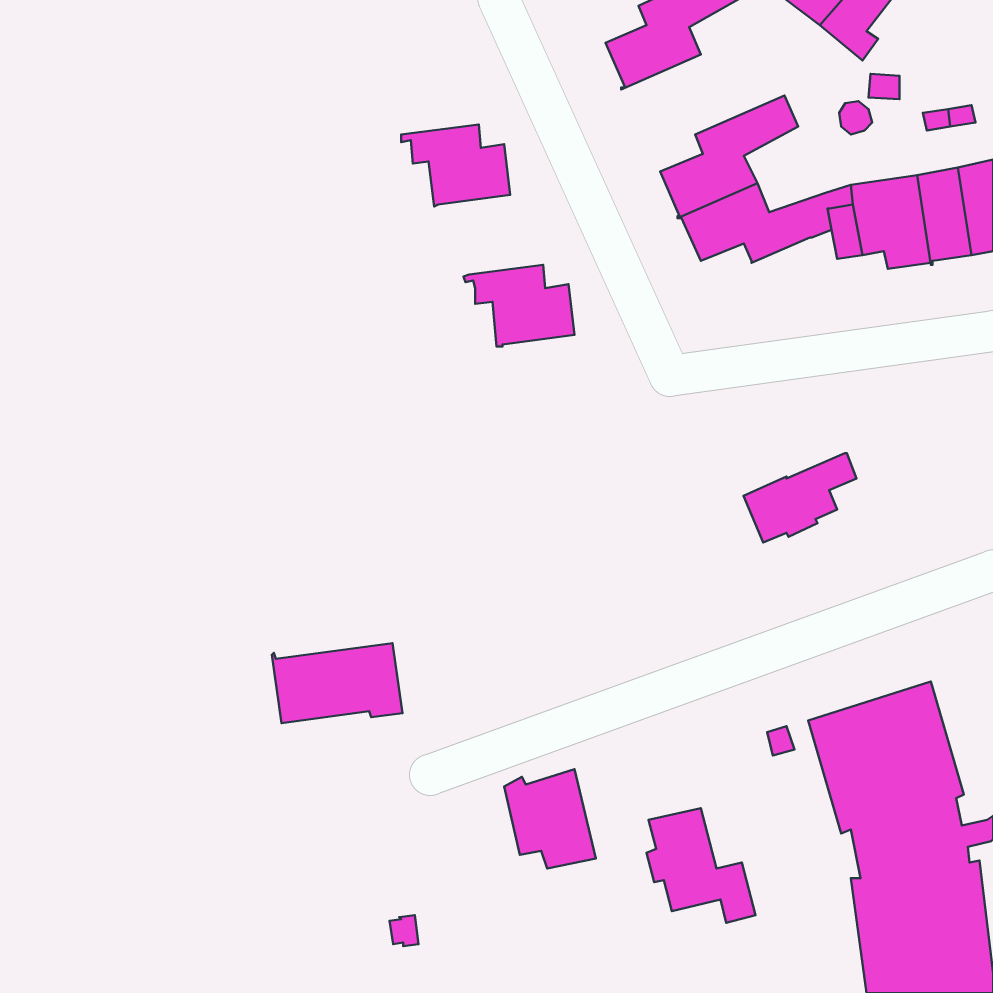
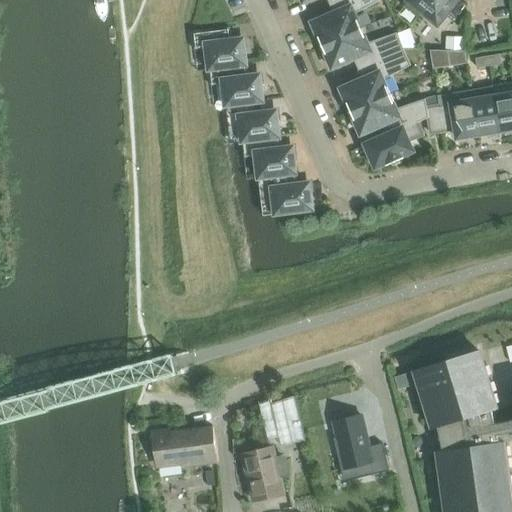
building: none -> [191,27,246,69]
building: none -> [319,28,403,69]
building: none -> [225,100,279,143]
building: none -> [258,172,312,215]
building: [744,453,857,543] -> [364,122,422,168]
building: [272,643,402,723] -> [151,426,218,467]
building: none -> [241,446,287,501]

